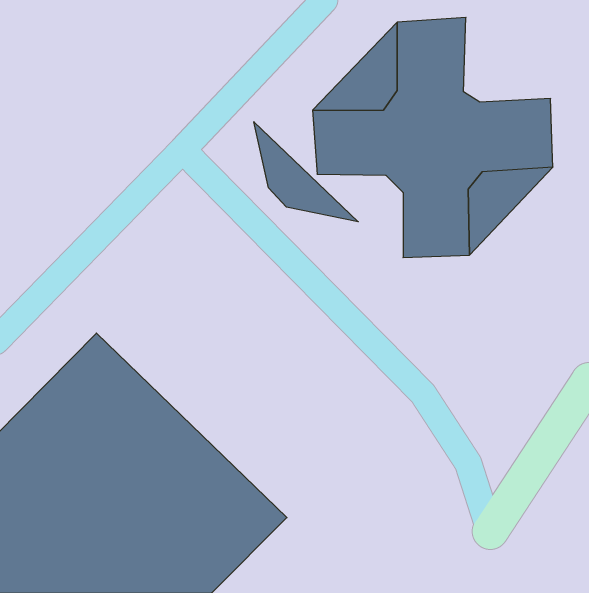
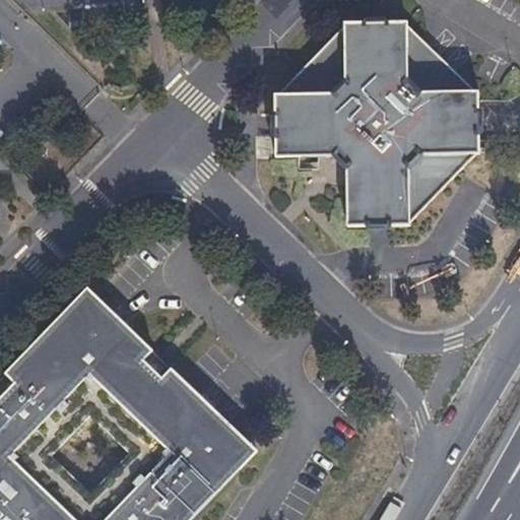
building: none -> [405,15,481,89]
building: [254,122,358,222] -> none

